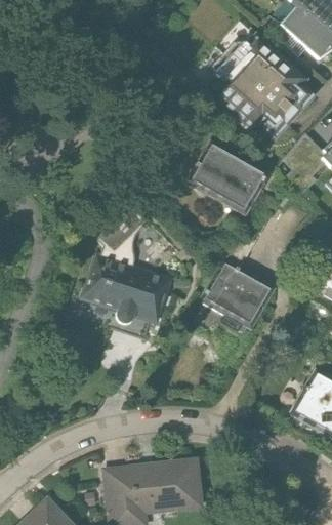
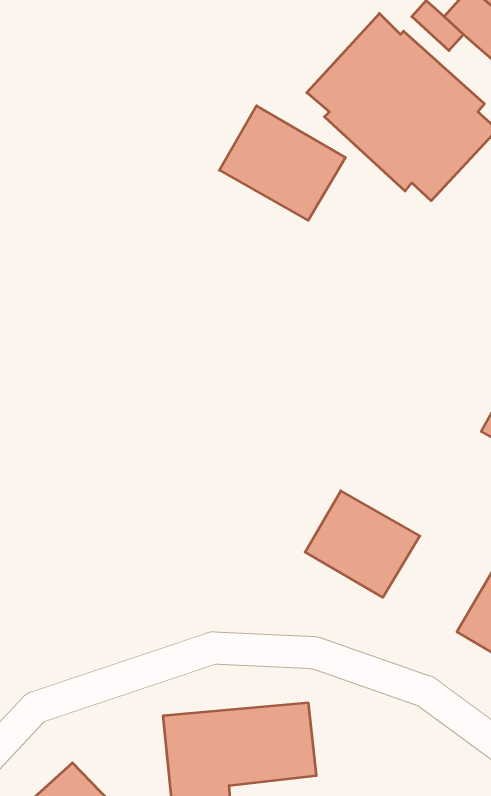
building: [188,140,267,213] -> [219,106,345,220]
building: [82,252,171,322] -> none
building: [201,260,274,328] -> [305,491,420,597]

